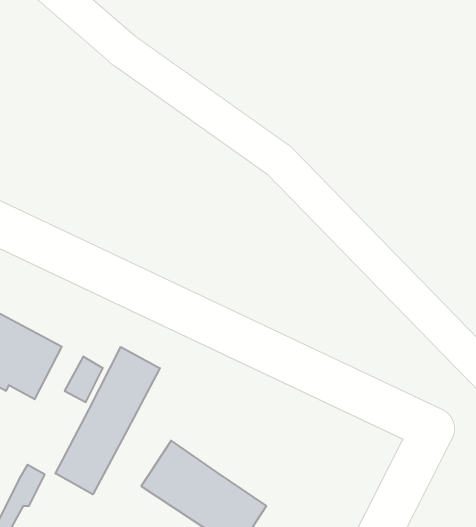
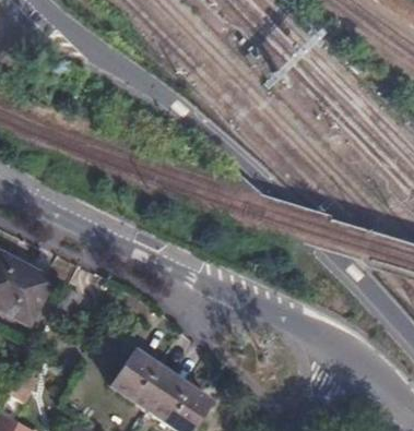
building: [55,347,160,494] -> none

